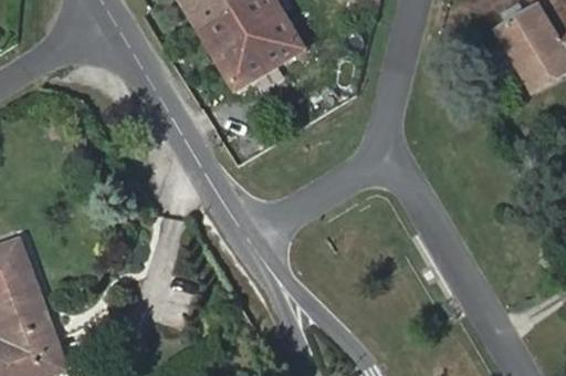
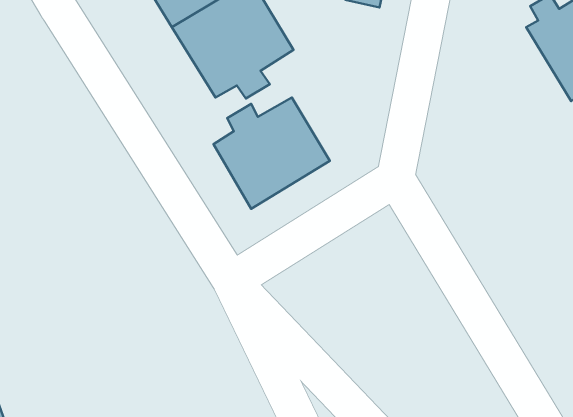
building: none -> [213,97,330,209]

